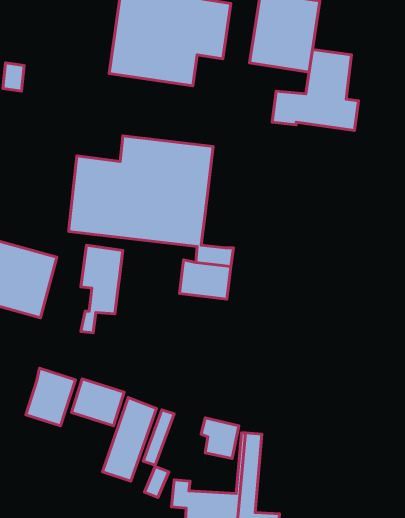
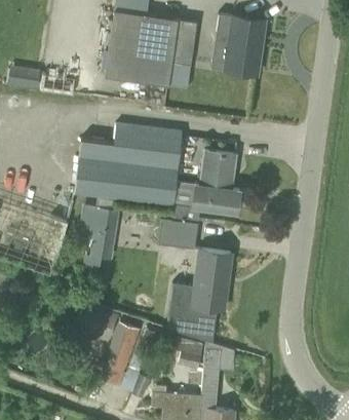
building: [272,49,358,130] -> [176,151,241,213]
building: none -> [167,250,232,343]
building: [26,368,76,426] -> none

